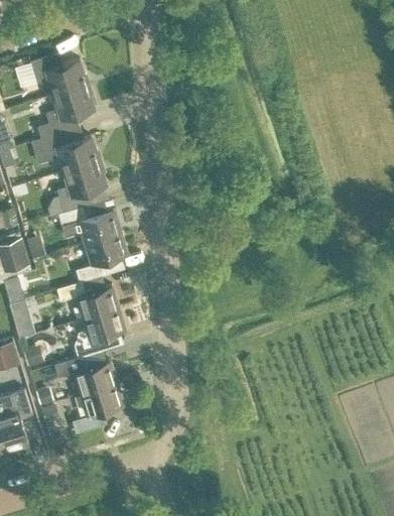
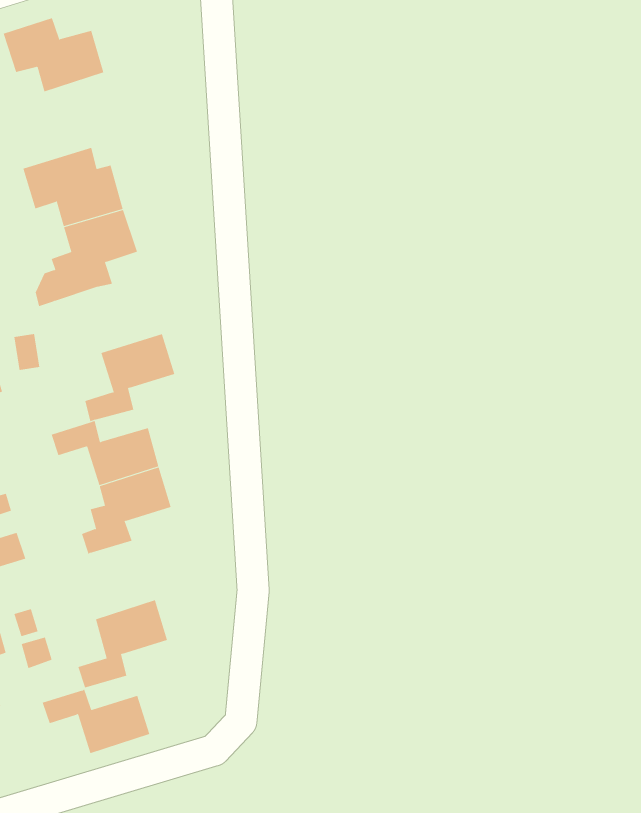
building: [37,85,95,139] -> none
building: [58,207,120,244] -> none
building: [54,358,116,395] -> [42,688,150,754]

